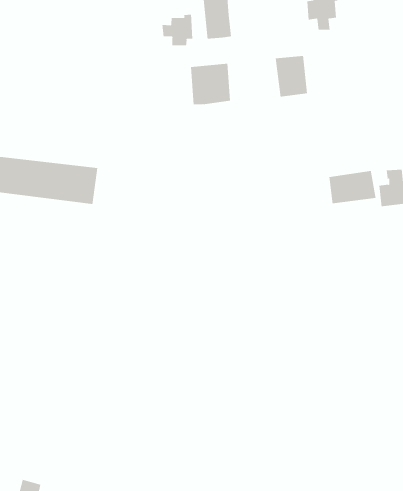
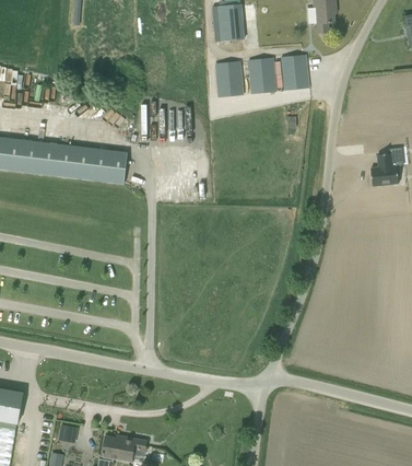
building: [162,14,193,46] -> none
building: none -> [247,58,275,94]
building: [329,170,376,204] -> none

